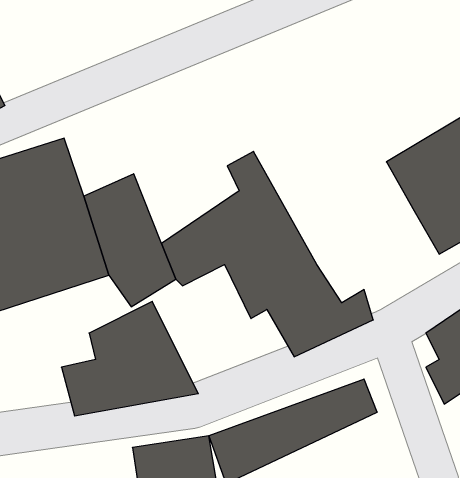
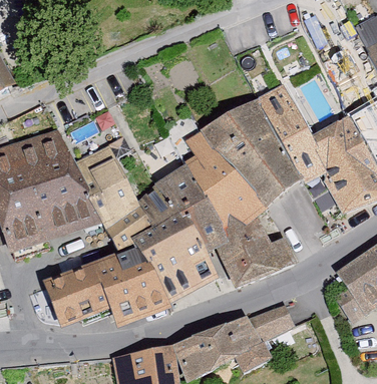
building: none -> [204,90,326,217]
building: none -> [126,217,214,309]

